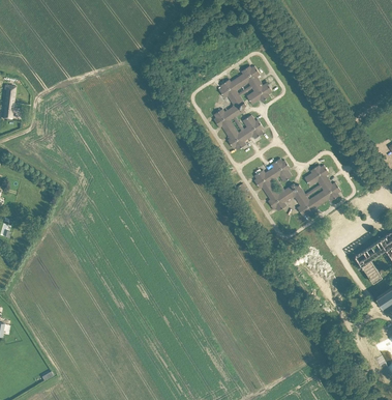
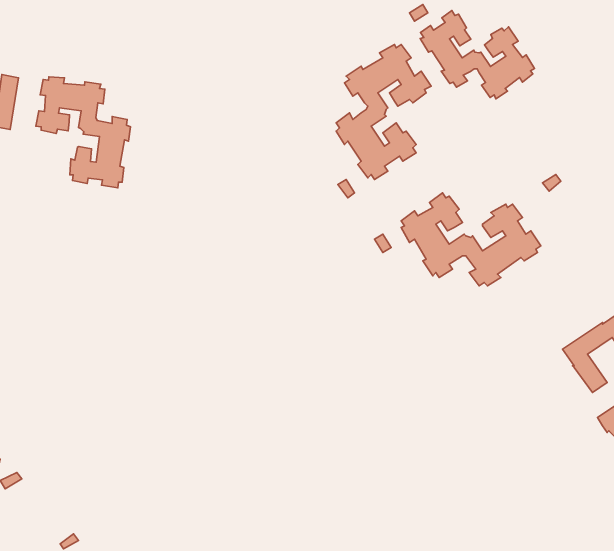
building: none -> [420,11,534,99]
building: none -> [36,77,130,188]

